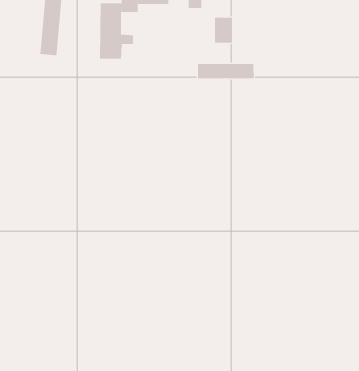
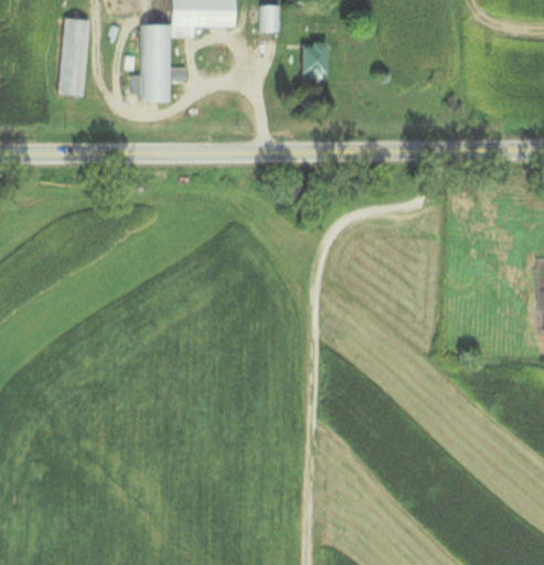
building: [197,63,254,79] -> none

